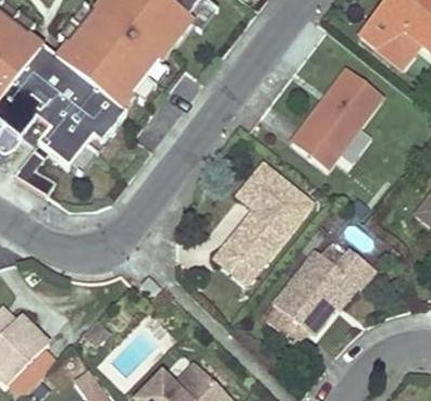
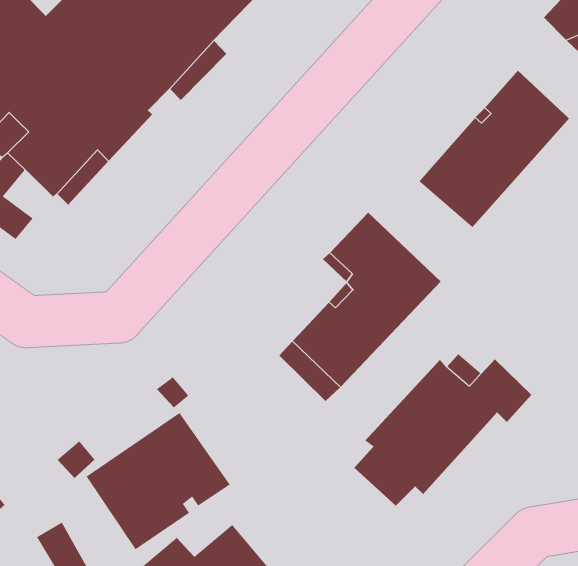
building: none -> [86,412,230,550]

